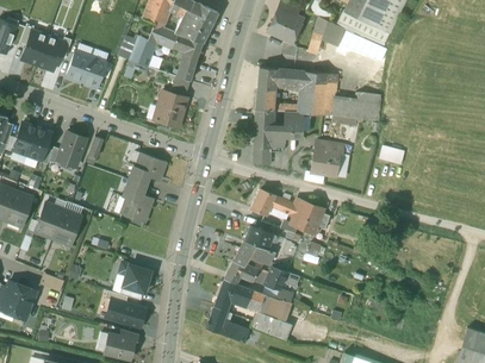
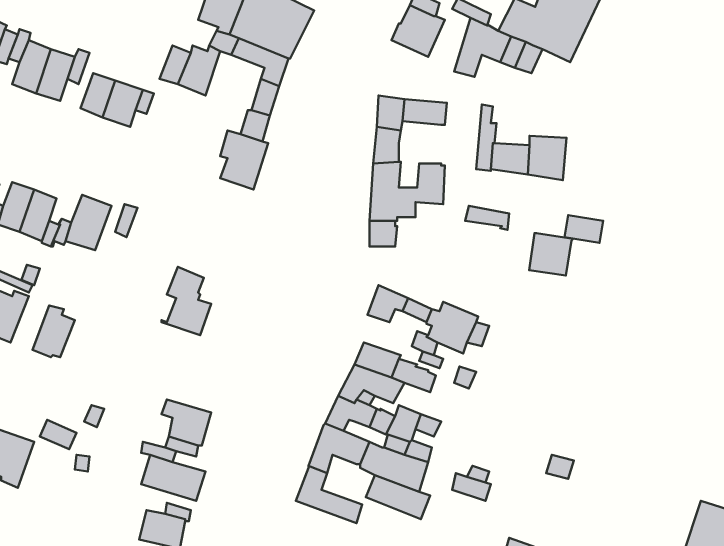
building: [299,71,325,114] -> none
building: [310,148,338,175] -> [529,233,573,276]
building: [129,151,164,184] -> none
building: [52,212,81,245] -> none

